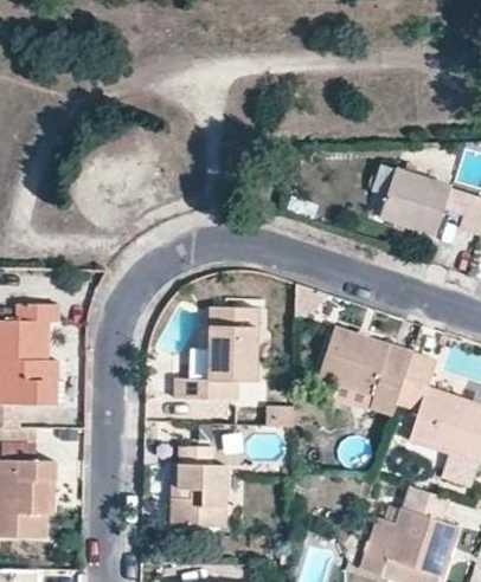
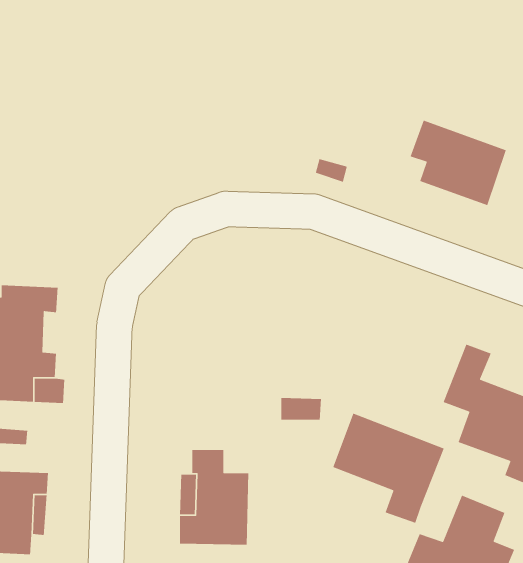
building: [179,306,256,403] -> none
building: [320,324,417,420] -> [332,412,445,524]

